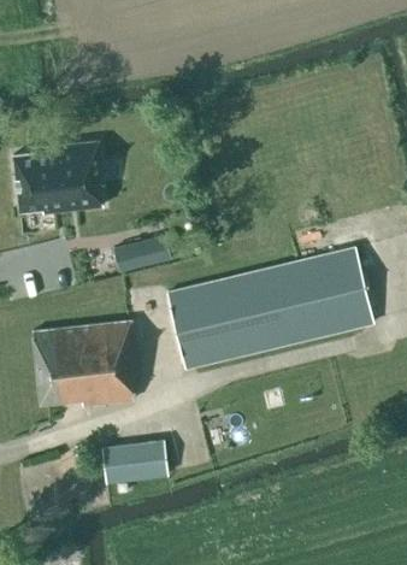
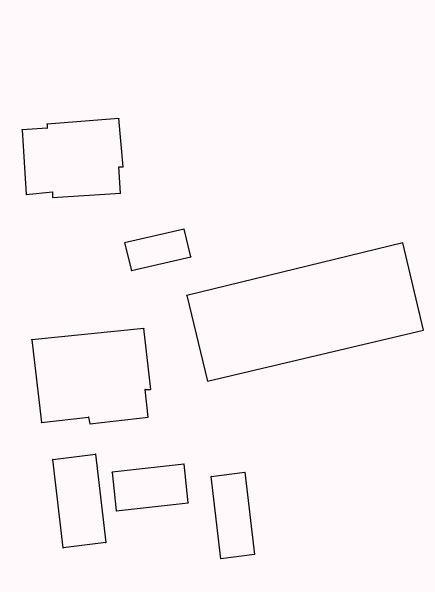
building: none -> [53,454,106,548]
building: none -> [211,472,254,559]

